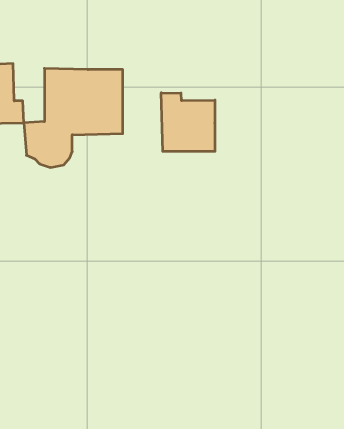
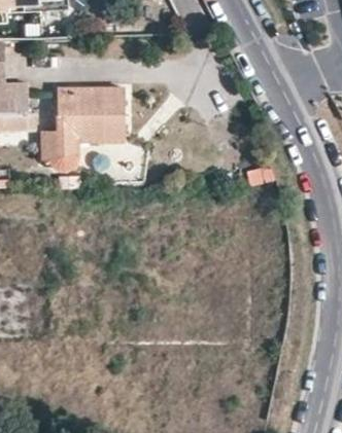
building: [161,93,215,151] -> none

